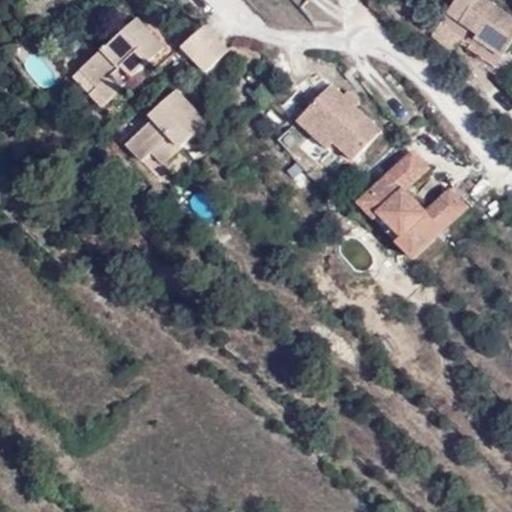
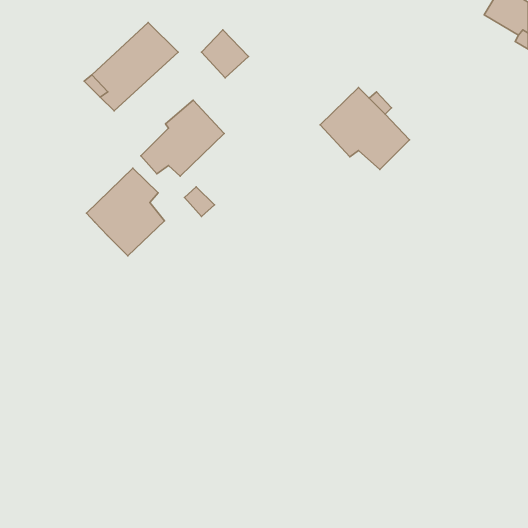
building: [362,154,466,261] -> none
building: none -> [87,168,164,256]

